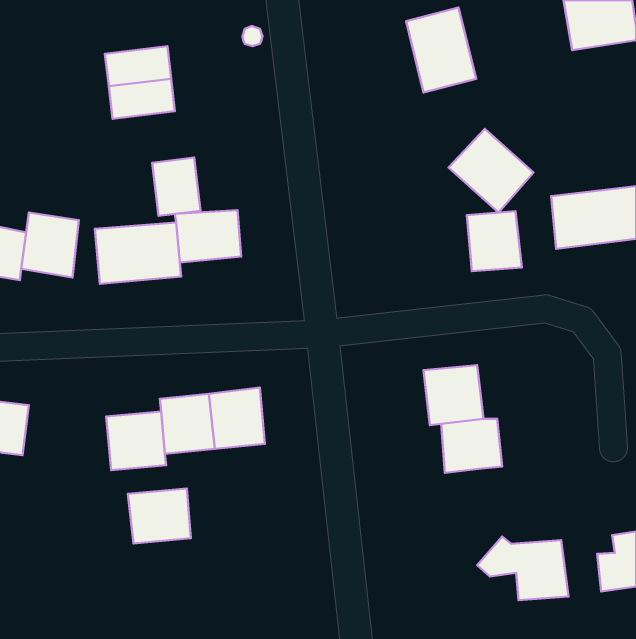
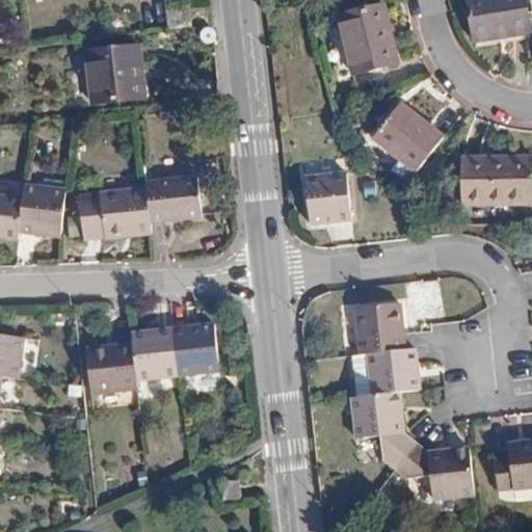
building: [152,158,200,216] -> none
building: [467,211,522,271] -> [303,176,349,225]
building: none -> [349,390,418,470]
building: [128,489,191,543] -> none

